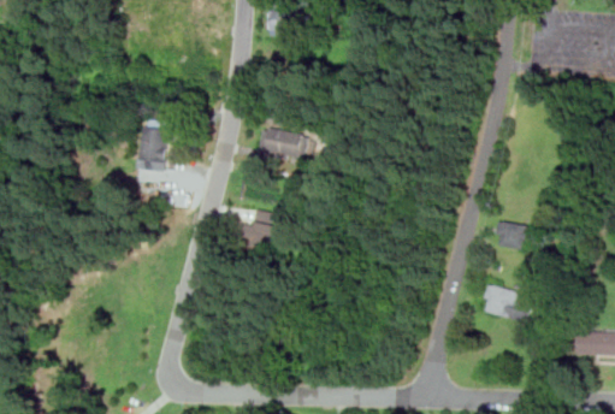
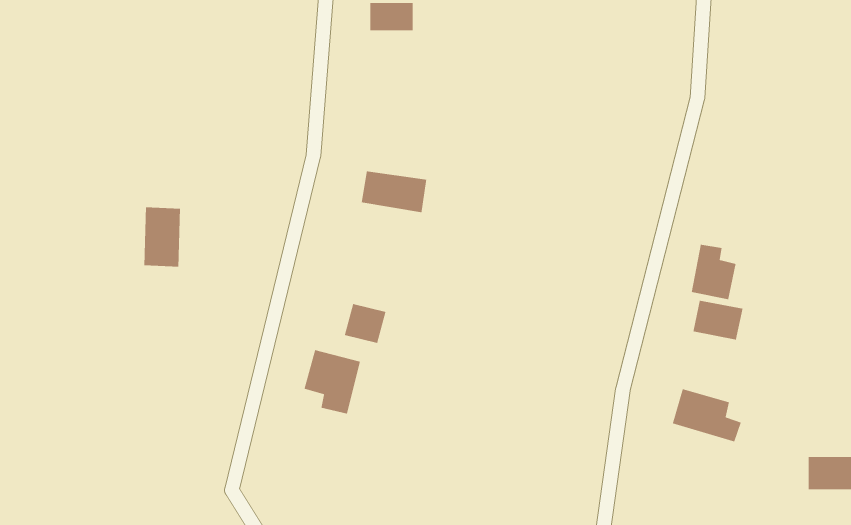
building: [138,126,165,170] -> [143,206,181,268]
building: none -> [691,244,737,300]
building: none -> [304,349,361,414]

